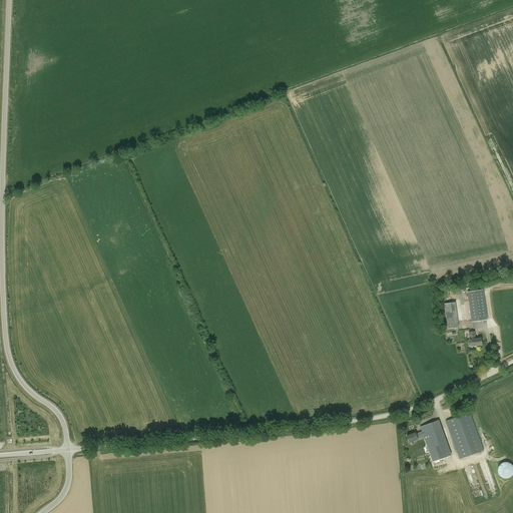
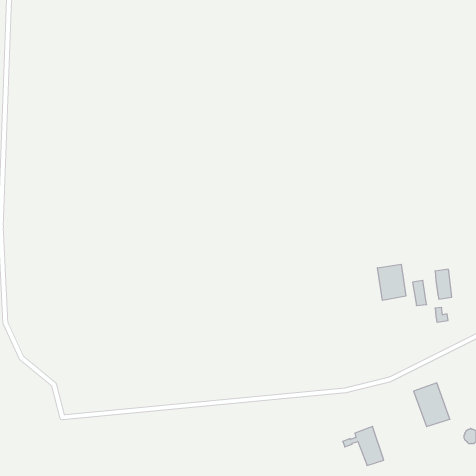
building: none -> [377,264,406,300]
building: [407,420,451,462] -> [343,426,384,466]

